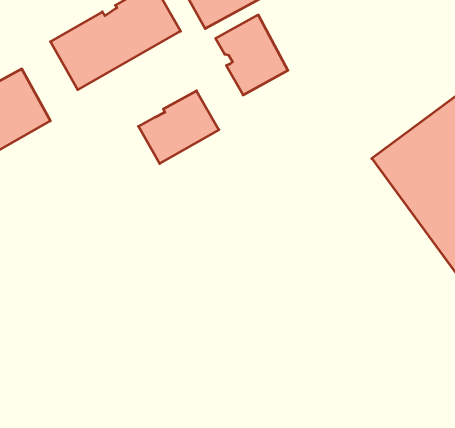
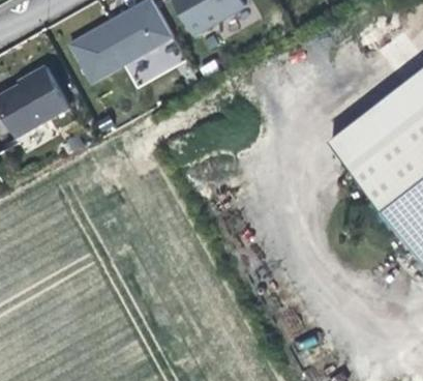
building: [216,15,288,95] -> none
building: [138,91,219,164] -> none

